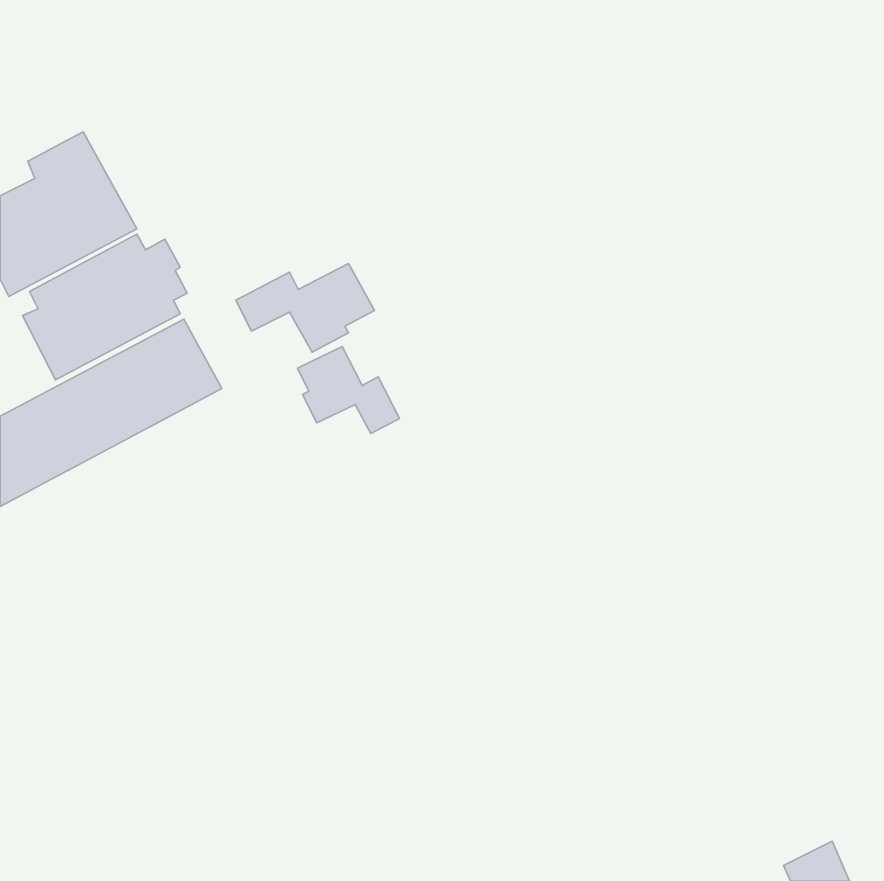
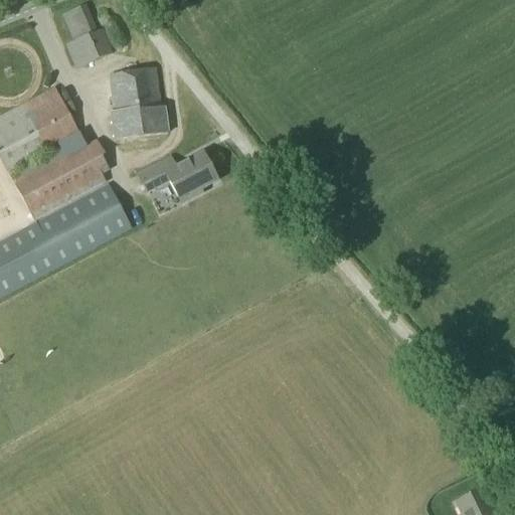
building: none -> [62,4,114,68]
building: none -> [109,67,169,139]
building: [297,346,399,434] -> none

